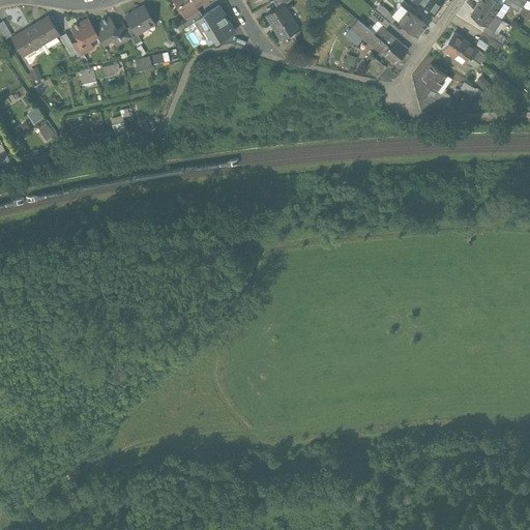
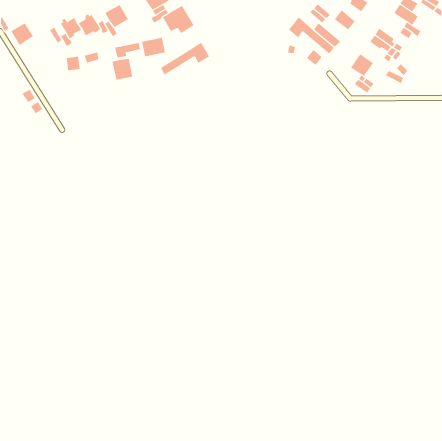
building: [265,4,298,40] -> none
building: [30,17,59,43] -> none
building: none -> [141,37,166,57]
building: none -> [160,42,210,75]
building: none -> [112,58,133,81]

